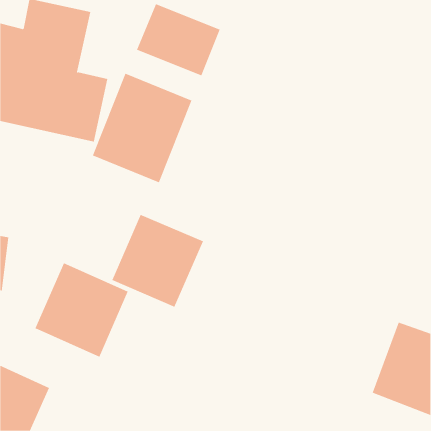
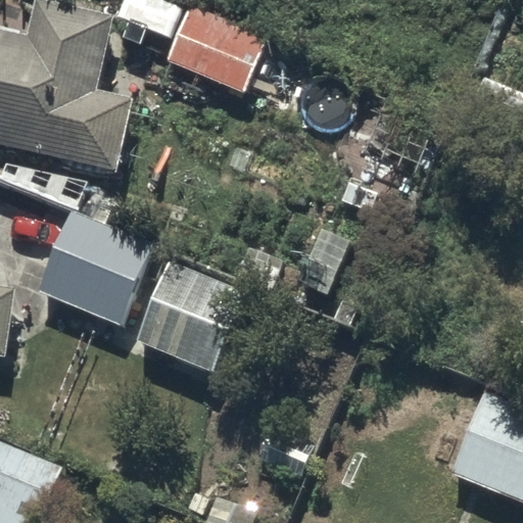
building: [92,73,192,183] -> none
building: [35,263,128,357] -> [38,210,151,325]

